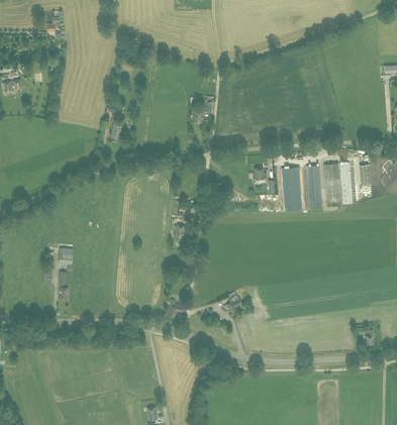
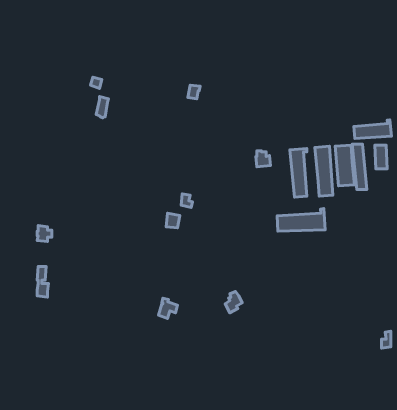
building: none -> [354,120,391,139]
building: none -> [277,209,325,231]

